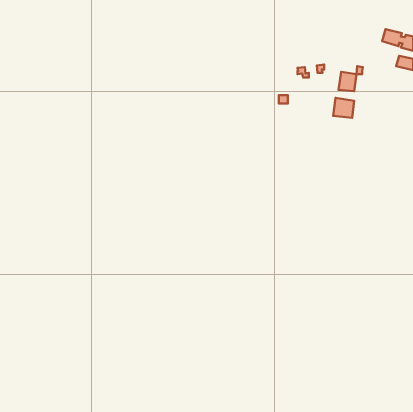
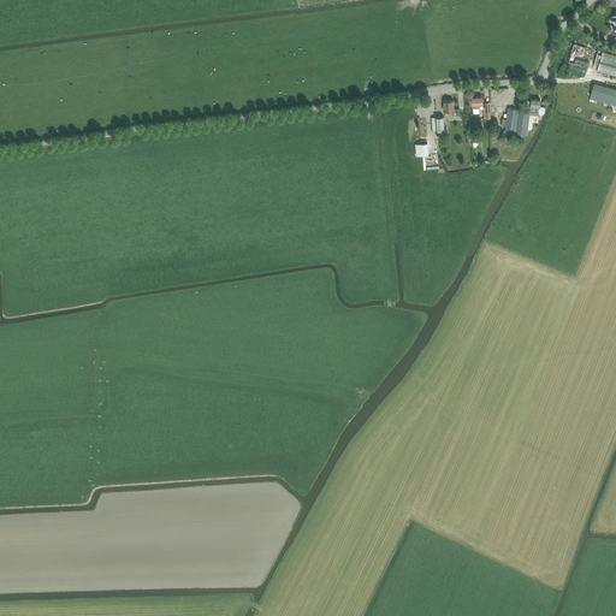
building: [333,98,354,118] -> none

